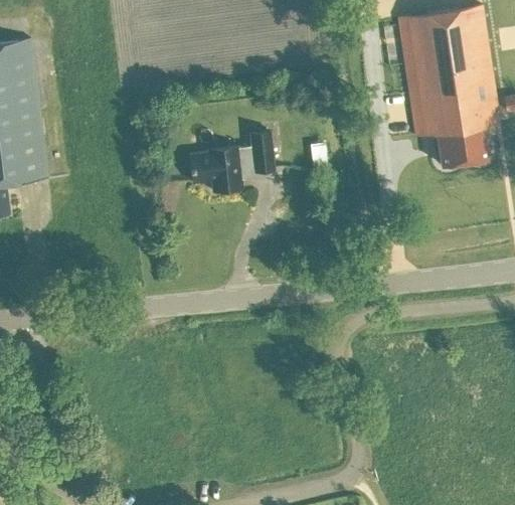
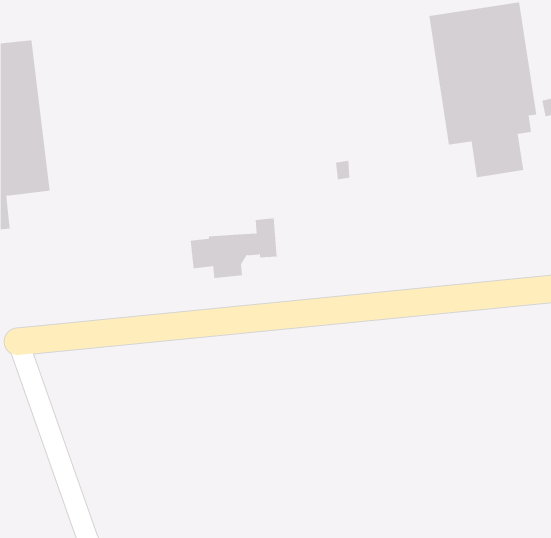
building: [192,134,274,190] -> [190,218,278,279]

